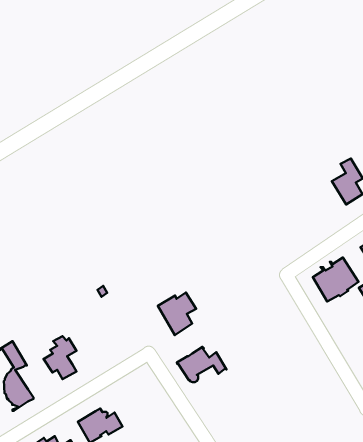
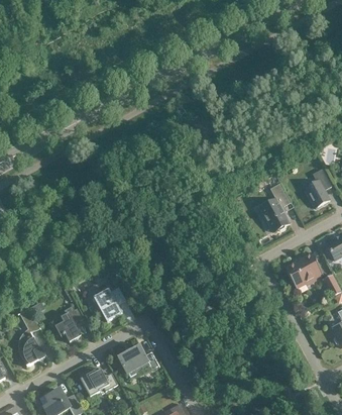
building: none -> [257,182,291,229]
building: [158,292,196,335] -> [93,286,125,321]
building: [177,347,227,382] -> [117,345,158,375]

